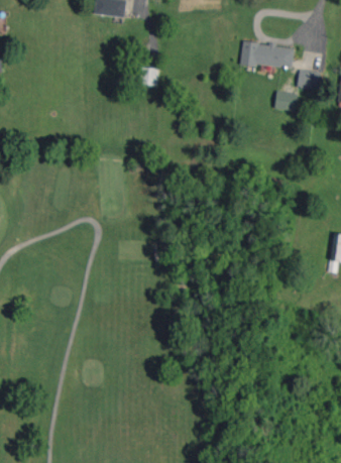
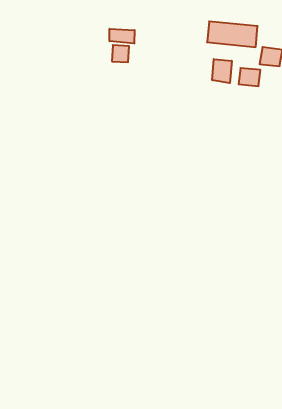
building: none -> [110,29,135,44]
building: none -> [212,59,232,83]

